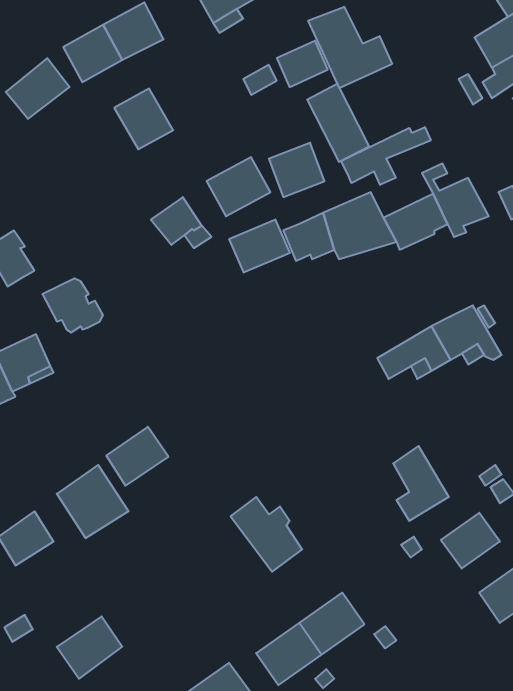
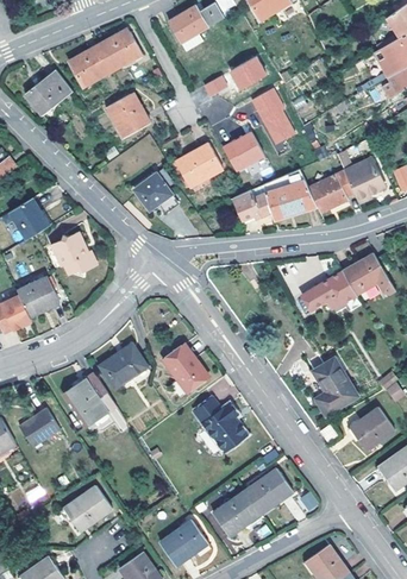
building: [308,7,392,88] -> none
building: [341,127,431,185] -> none
building: [229,219,290,273] -> none
building: none -> [163,344,208,391]

